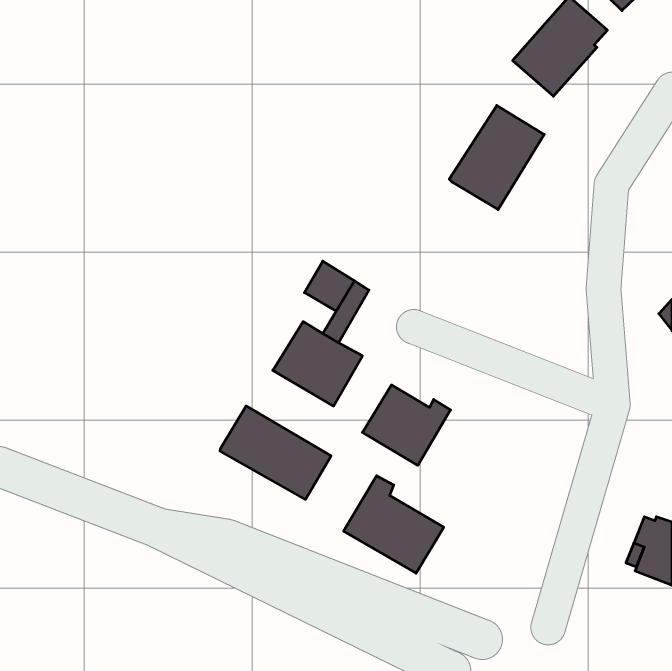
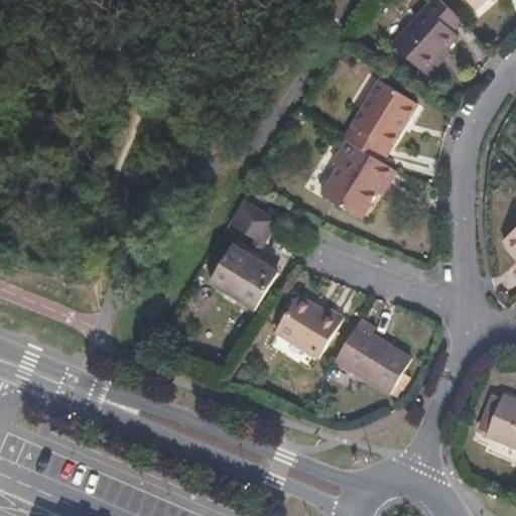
building: none -> [321,139,395,218]
building: [220,406,331,499] -> none
building: [344,476,444,573] -> [336,317,412,392]

